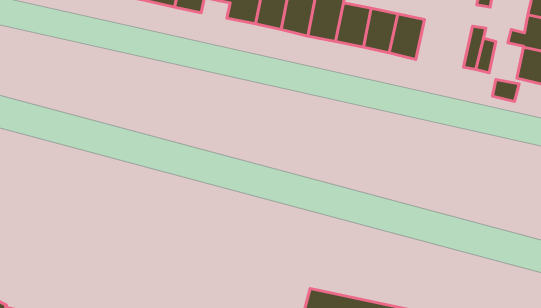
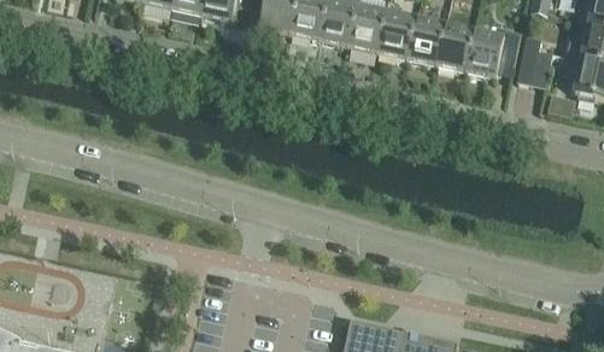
building: none -> [465,28,521,78]

